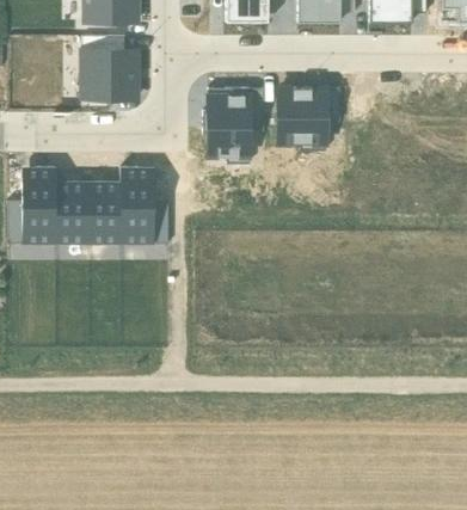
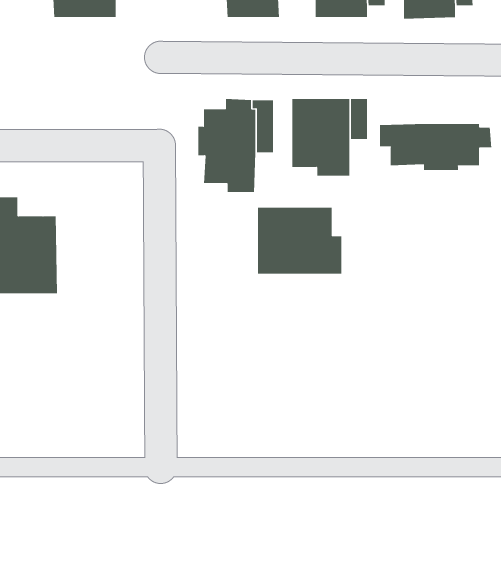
building: [81,49,136,97] -> none
building: none -> [380,123,492,171]
building: [87,165,155,245] -> none
building: none -> [257,207,342,274]

